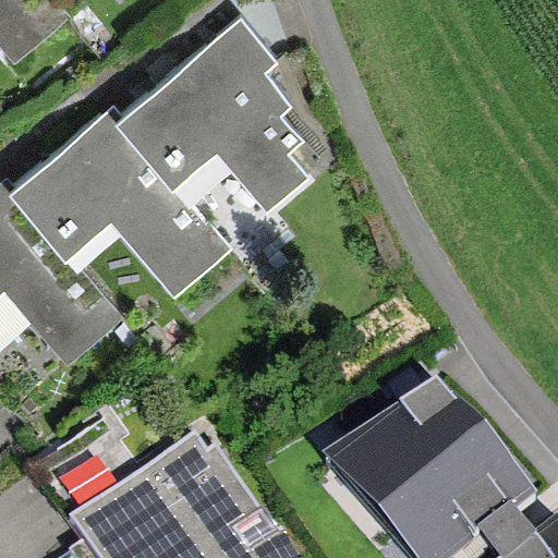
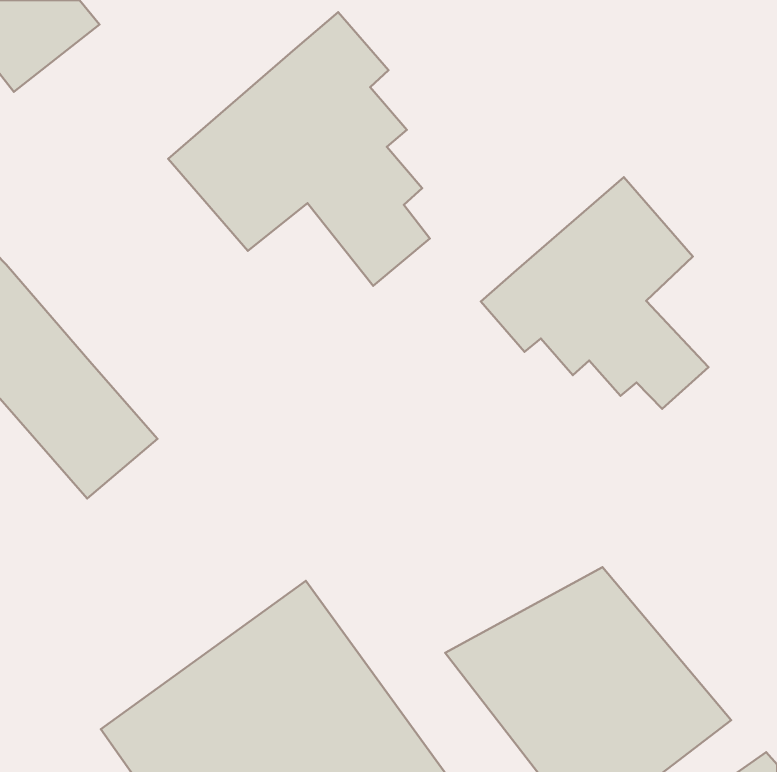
building: [4,106,233,298] -> none
building: none -> [481,177,709,409]

